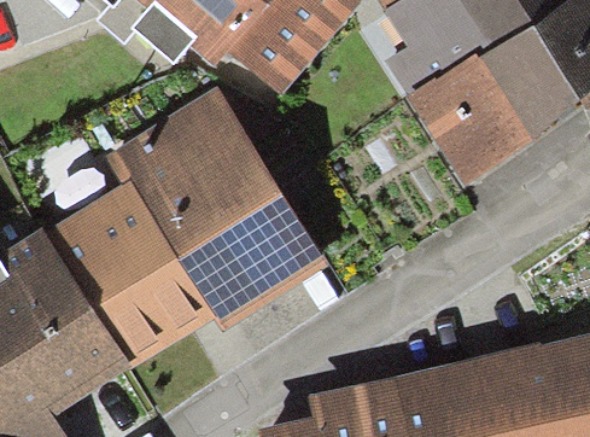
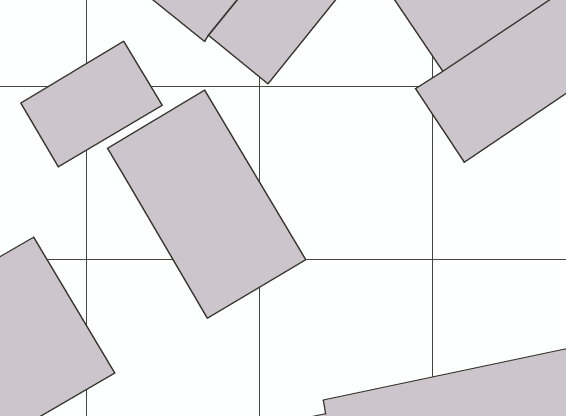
building: none -> [21,41,162,167]
building: [41,190,209,374] -> none

